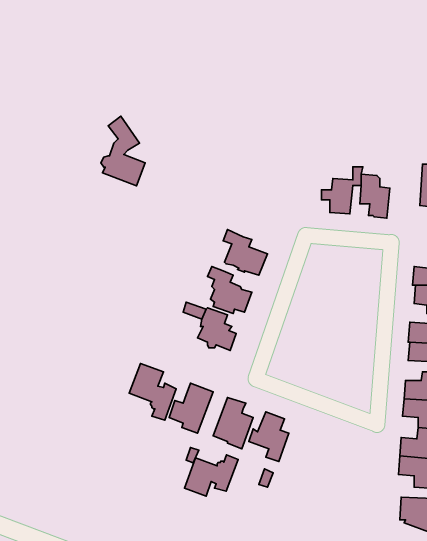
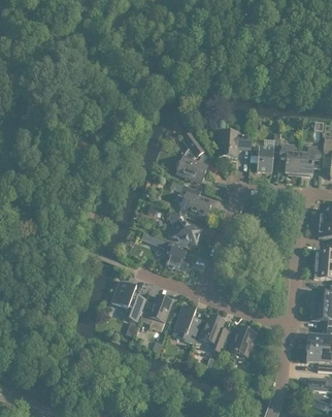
building: [101,116,145,186] -> [175,131,207,182]
building: none -> [219,131,251,157]
building: none -> [298,146,321,177]
building: none -> [225,326,256,356]
building: [185,455,238,496] -> none

